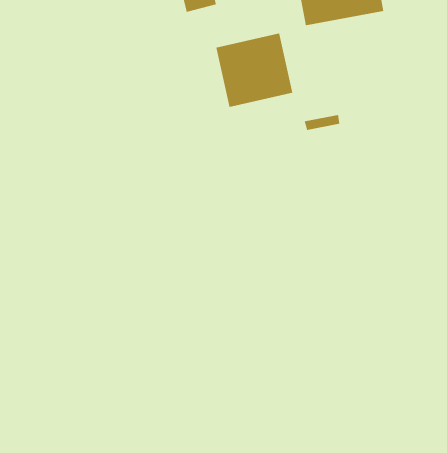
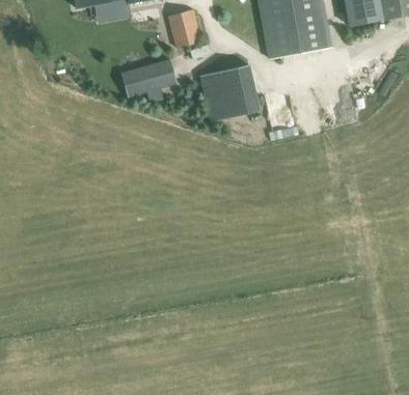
building: none -> [121,58,178,96]

